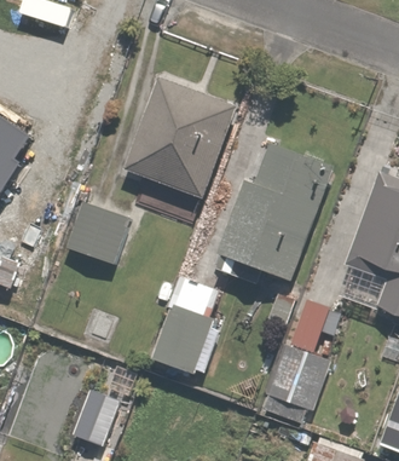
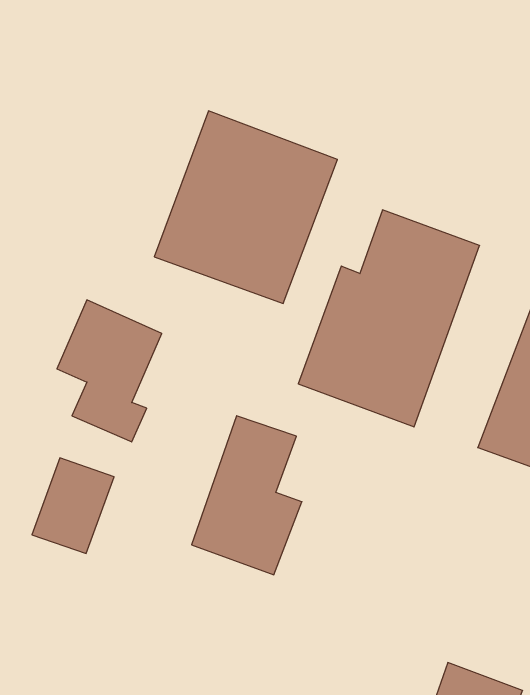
building: [261,294,328,423] -> none
building: [70,387,123,449] -> [32,458,114,553]

